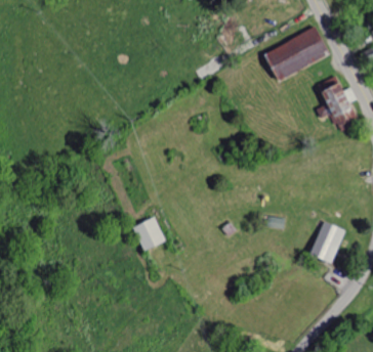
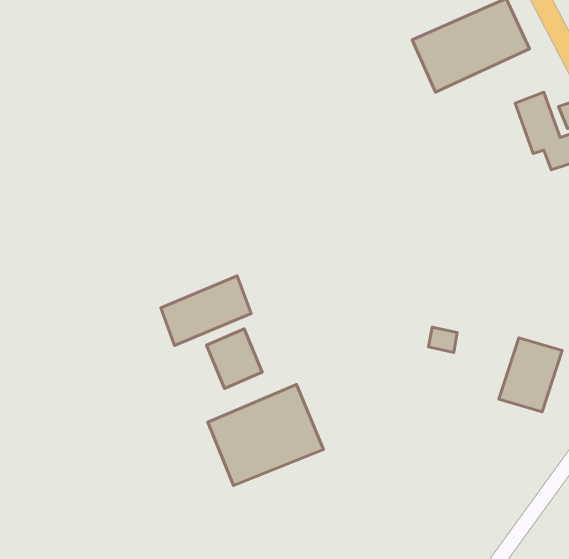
building: none -> [161,276,251,345]
building: none -> [208,384,324,486]

